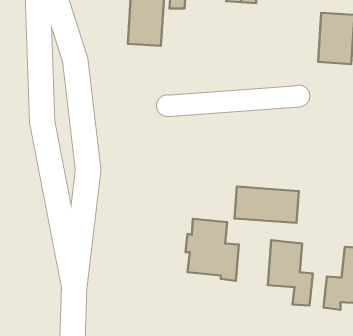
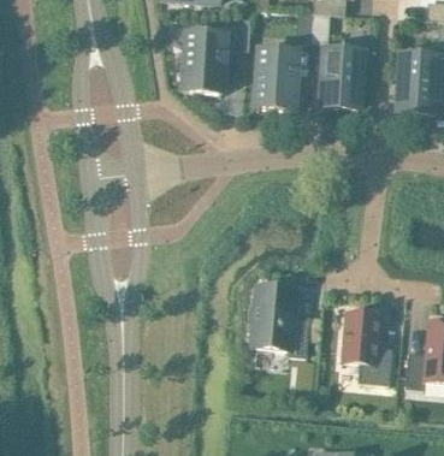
building: none -> [320,48,361,106]
building: none -> [255,49,296,107]
building: [235,187,299,223] -> none

